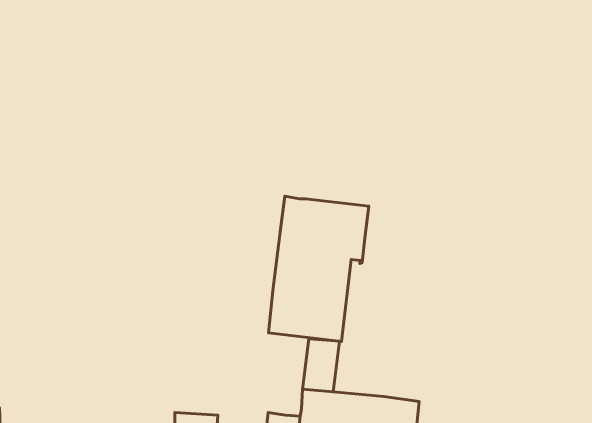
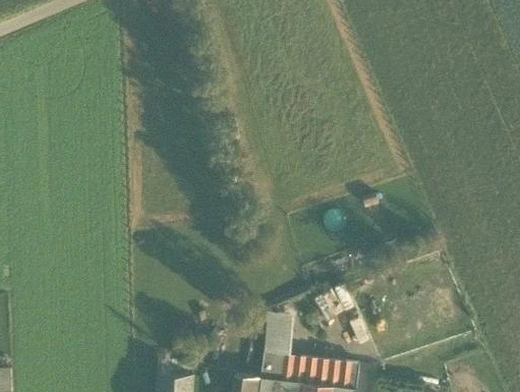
building: [269,196,369,342] -> none

